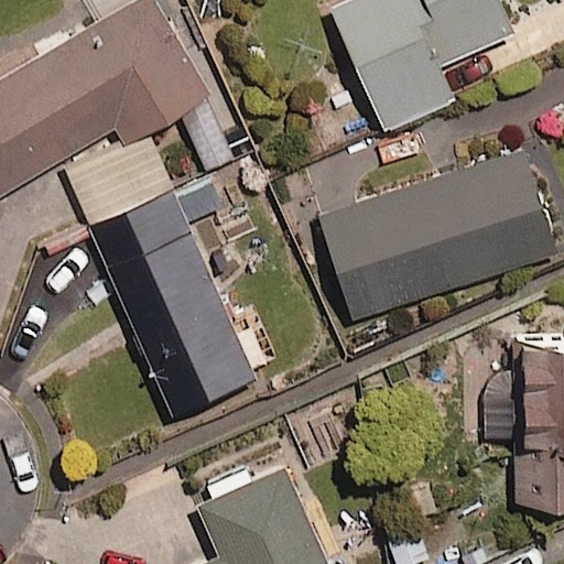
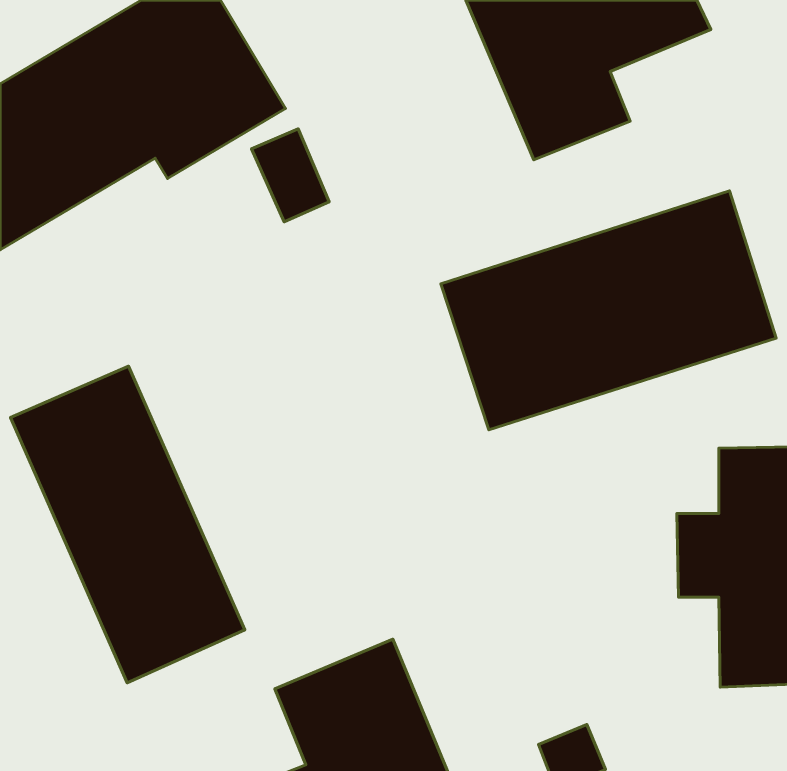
building: [89,191,256,415] -> [11,366,245,683]

